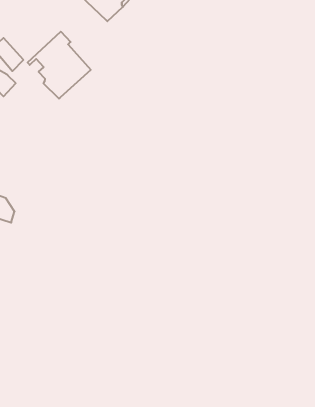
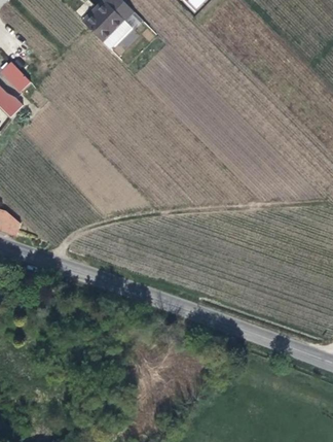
building: [28,32,91,99] -> none

